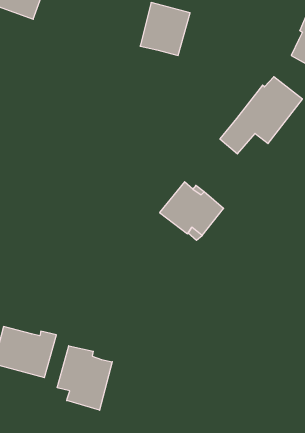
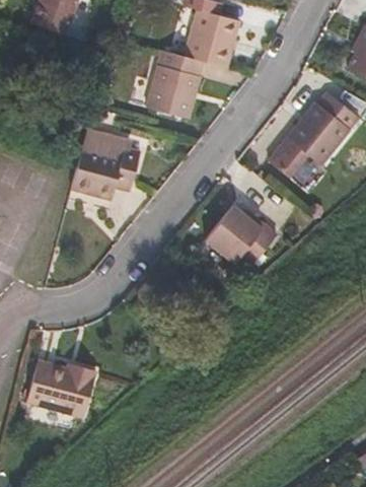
building: none -> [147,51,203,118]
building: none -> [70,129,140,200]
building: [57,346,112,410] -> none

